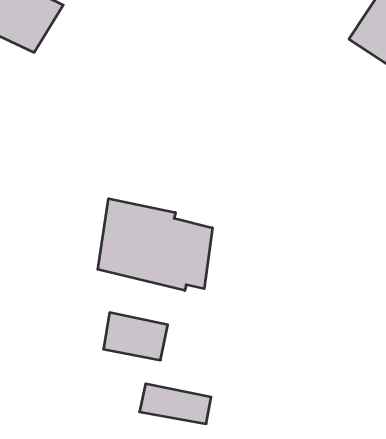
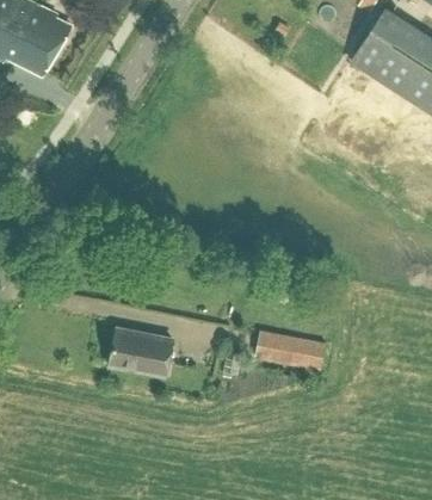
building: [98,199,212,291] -> none
building: [139,384,211,424] -> [257,331,327,370]

